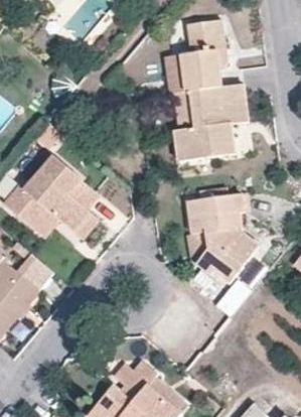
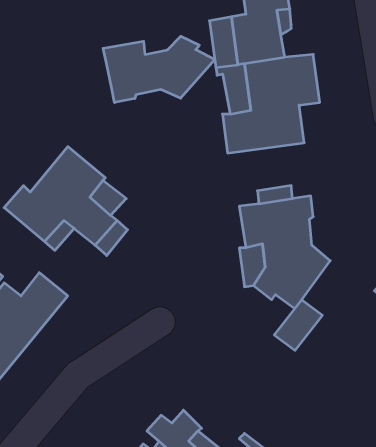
building: none -> [103,36,215,103]

